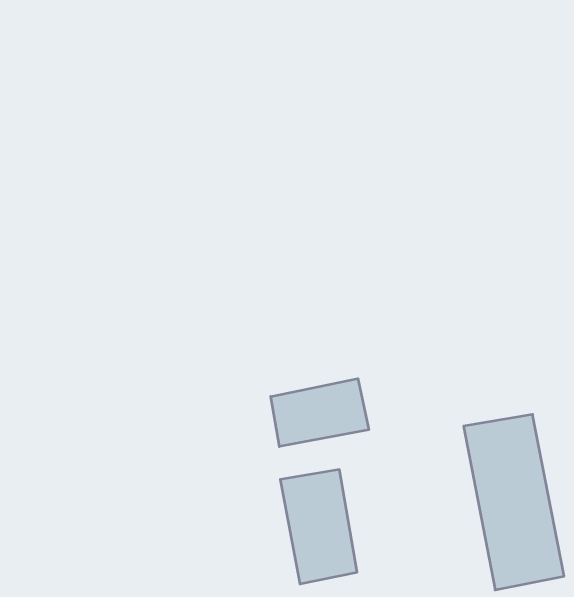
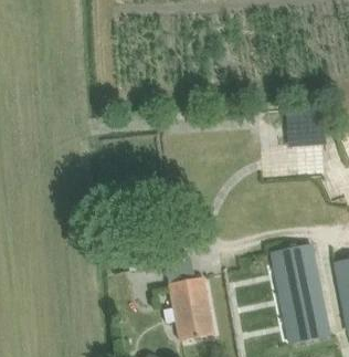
building: [271,379,369,447] -> none

